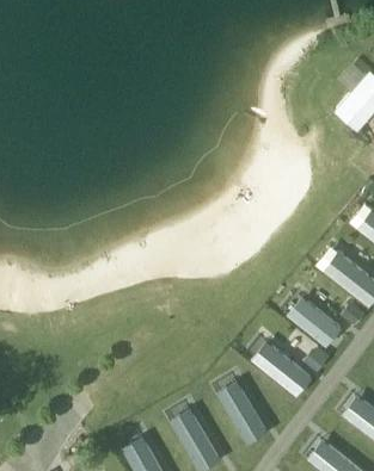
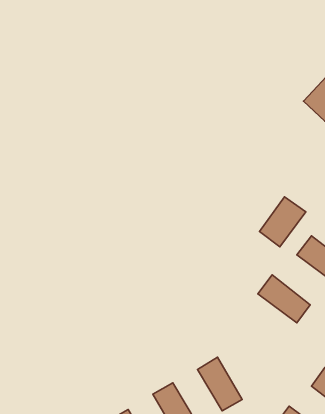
building: none -> [260,197,306,247]
building: [257,345,313,396] -> none

